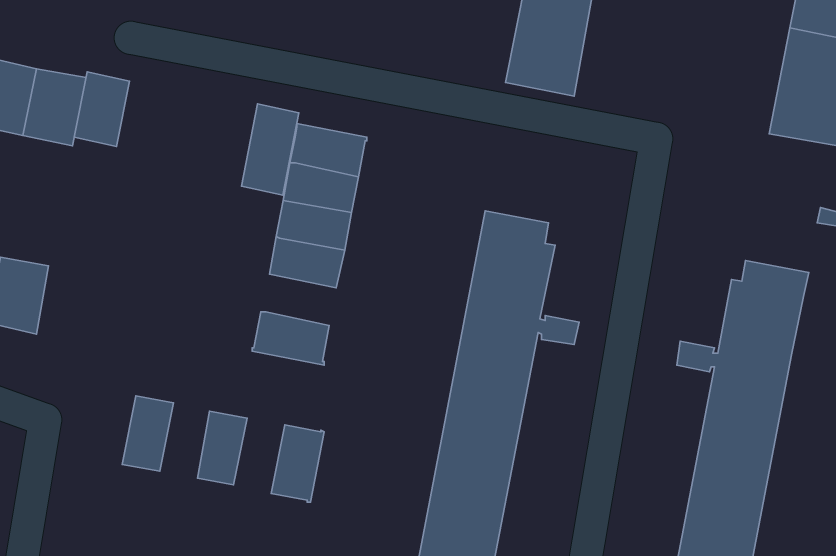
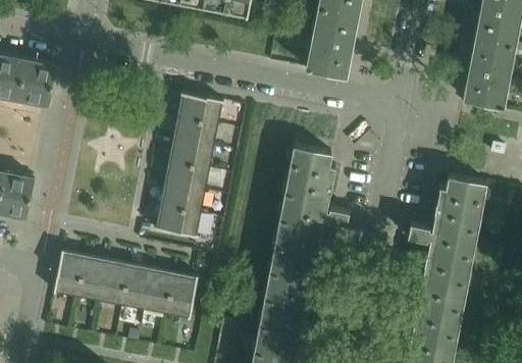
building: [74,72,130,146] -> none
building: [241,104,299,195] -> none
building: none -> [161,184,206,214]
building: none -> [55,251,87,297]
building: none -> [101,260,130,305]
building: none -> [145,269,175,314]

